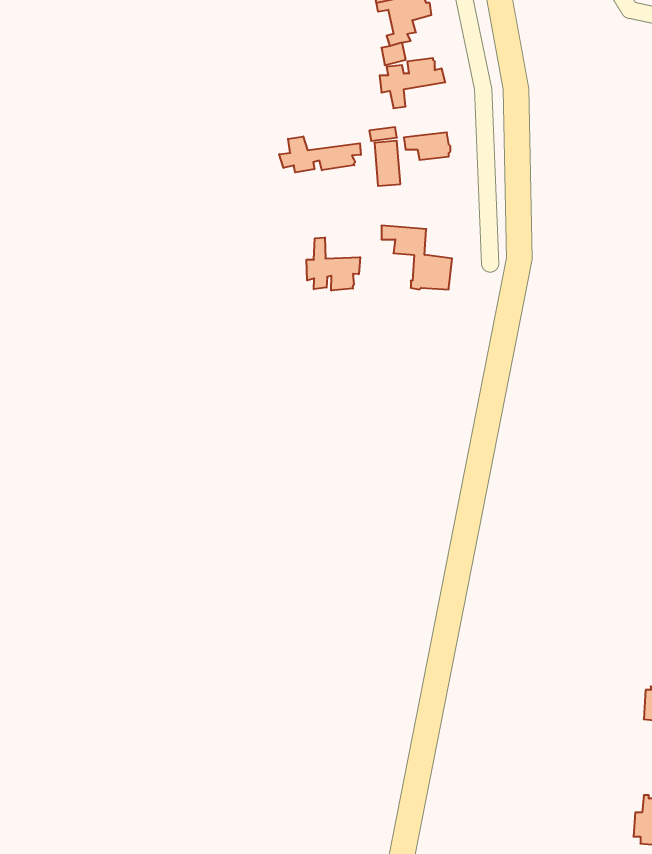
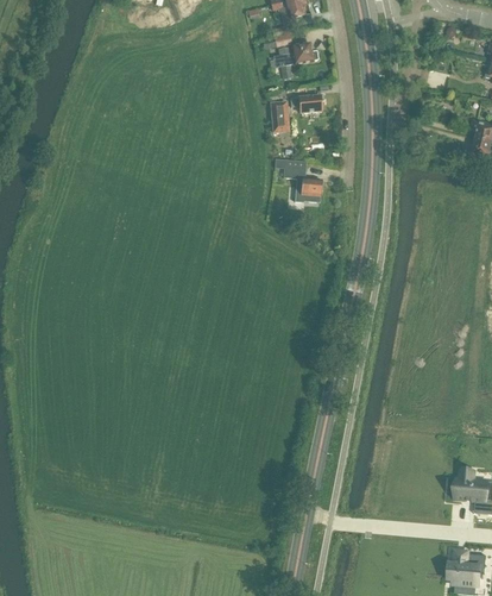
building: [279,136,361,172] -> none
building: [307,237,360,291] -> none

